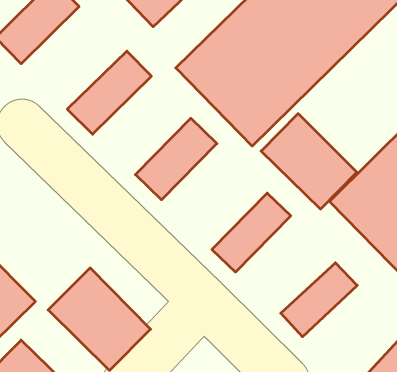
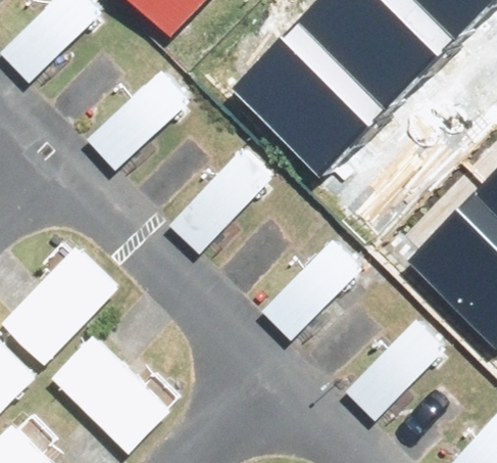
building: [261,114,357,209] -> none
building: none -> [11,246,132,367]

